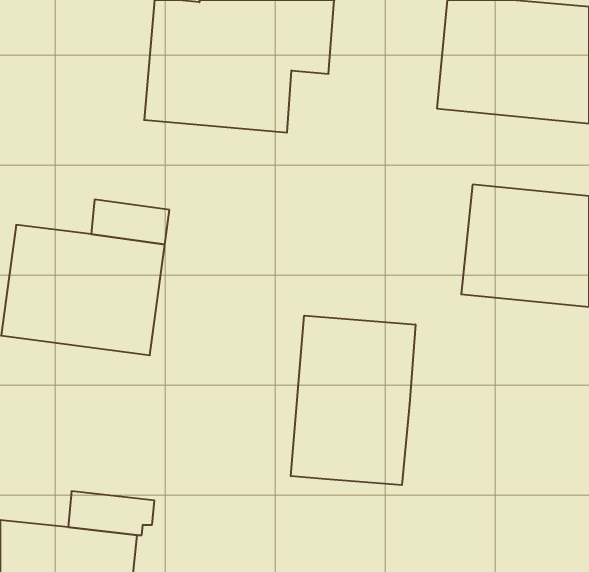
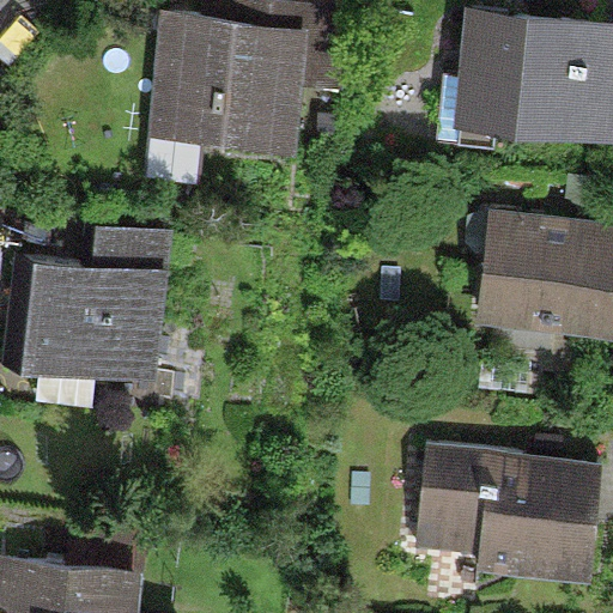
building: [291,316,415,485] -> none
building: none -> [418,448,602,579]

